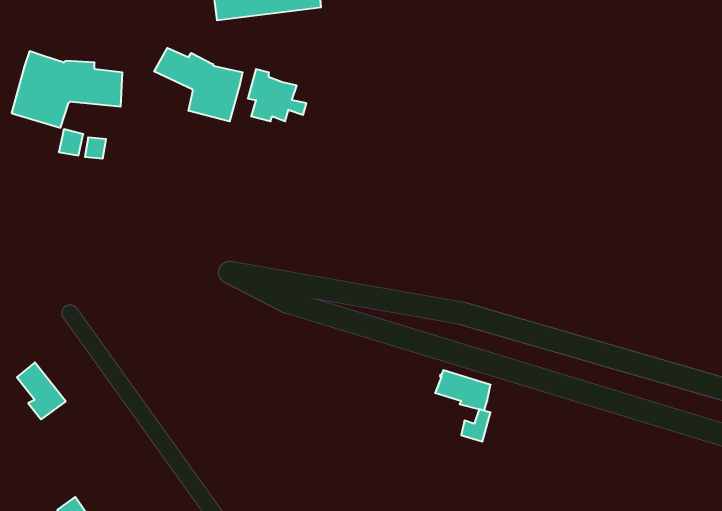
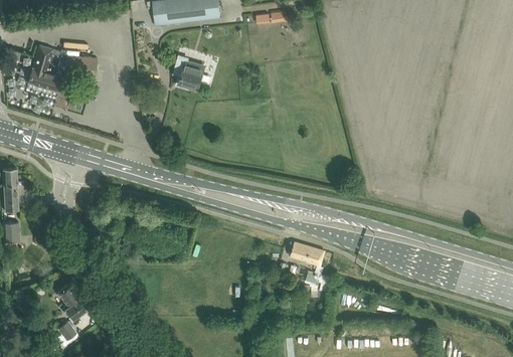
building: [154,48,243,121] -> none
building: [17,362,66,419] -> [55,285,86,320]

